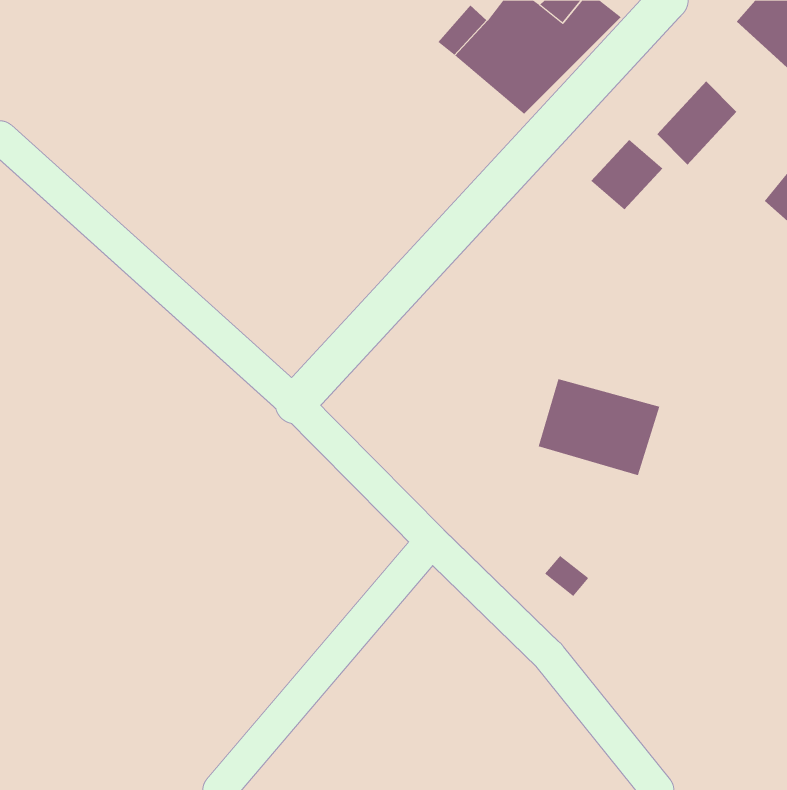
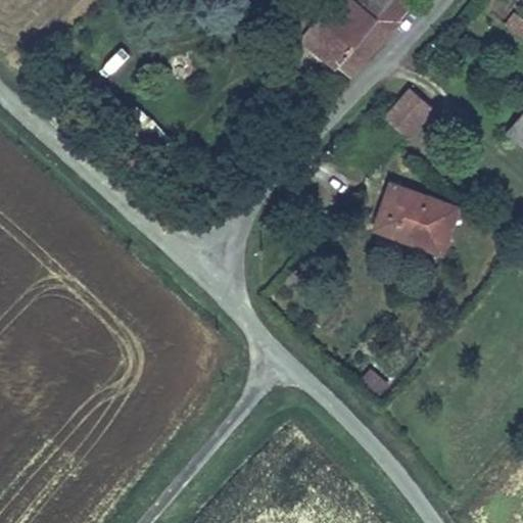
building: [656,81,737,166] -> none
building: [538,379,660,476] -> [376,189,457,253]

